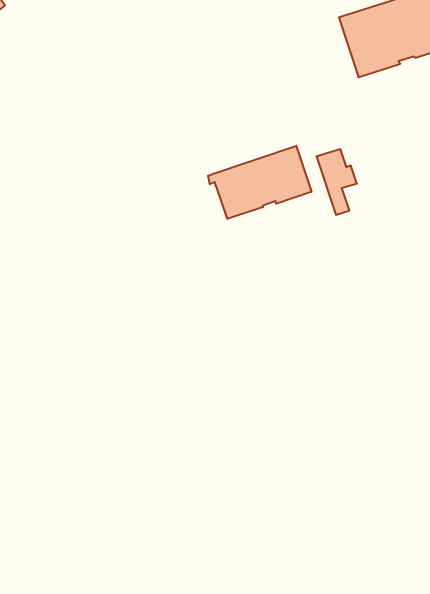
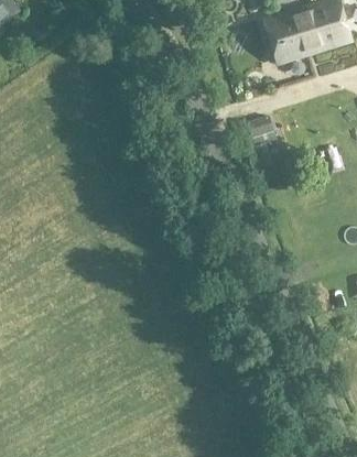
building: [208,146,311,219] -> none

